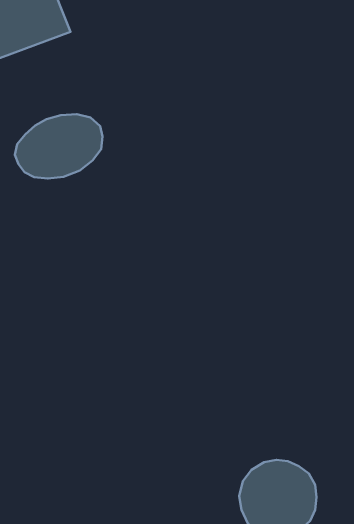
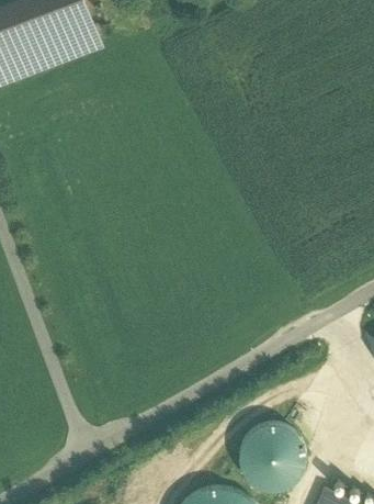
building: [15,114,103,178] -> none

